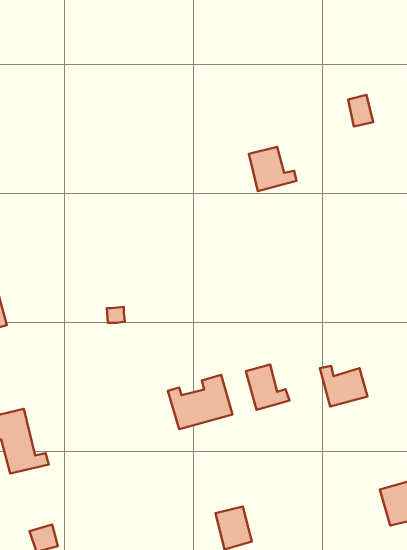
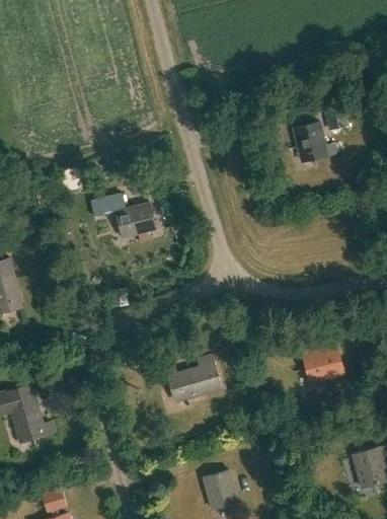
building: [249,147,297,191] -> [291,125,333,164]
building: none -> [110,203,154,239]
building: [246,365,289,410] -> none

